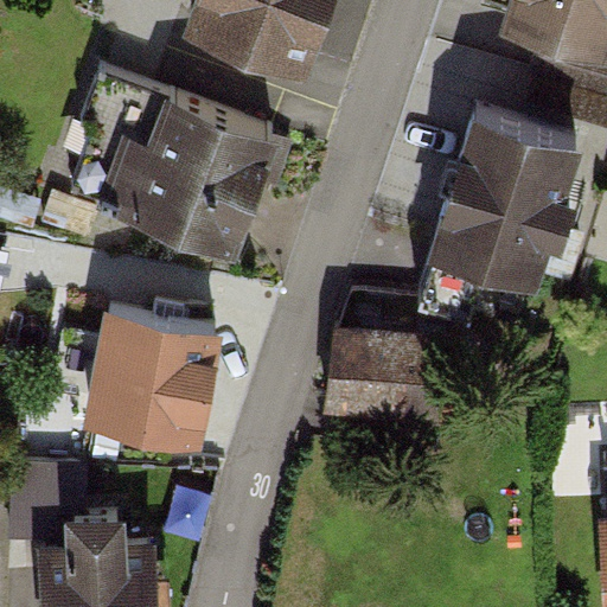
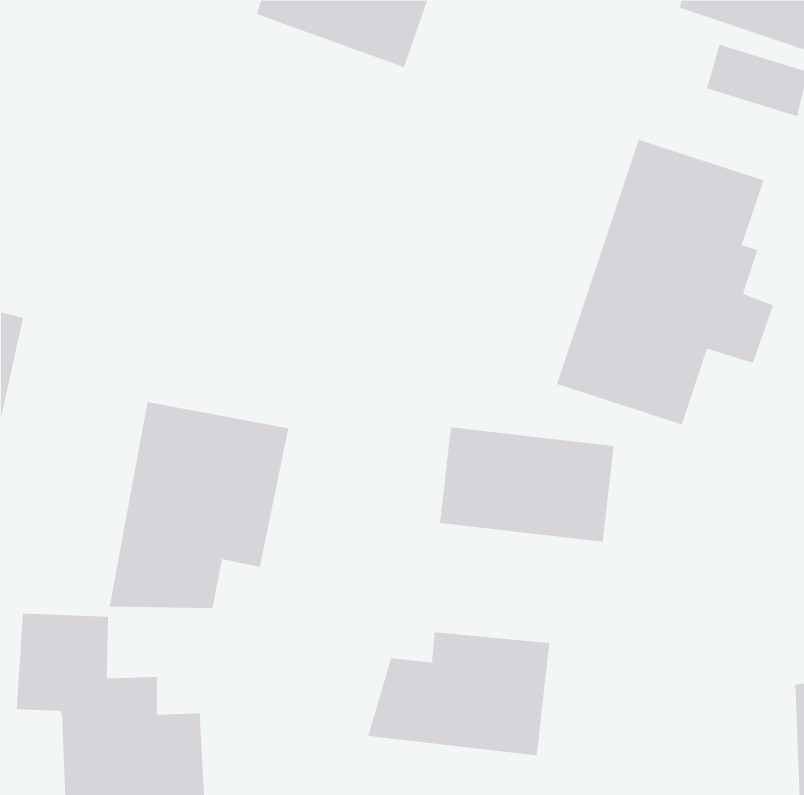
building: [76,69,277,247] -> none
building: none -> [368,631,550,756]

